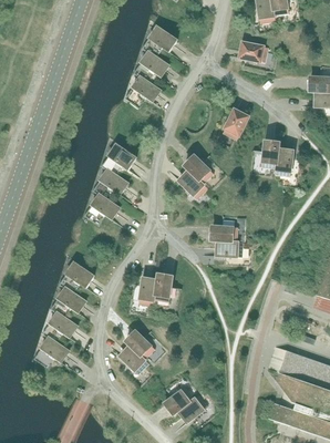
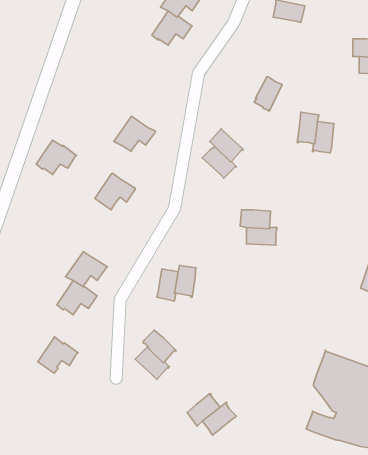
building: [124,75,159,106] -> none
building: [92,168,127,198] -> [36,140,77,174]
building: [41,311,76,342] -> none

